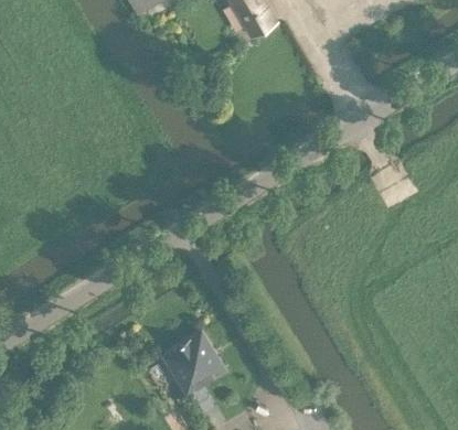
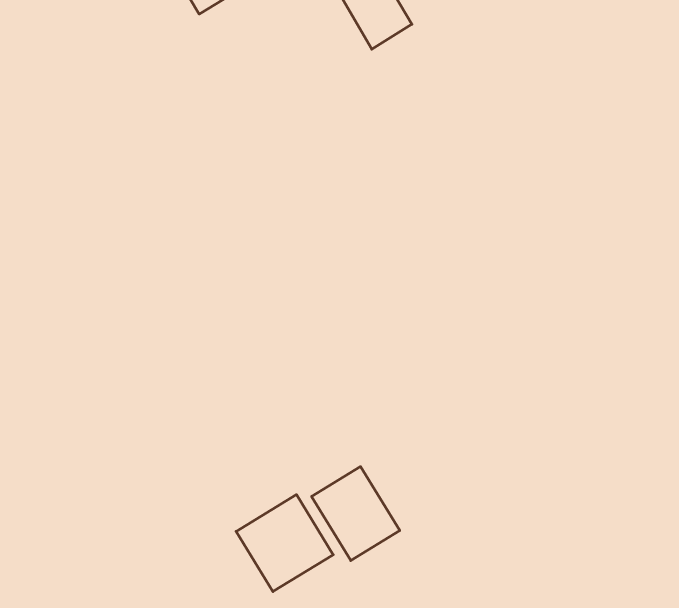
building: none -> [312,467,400,561]

